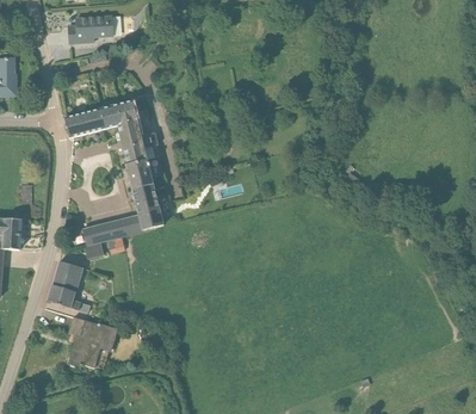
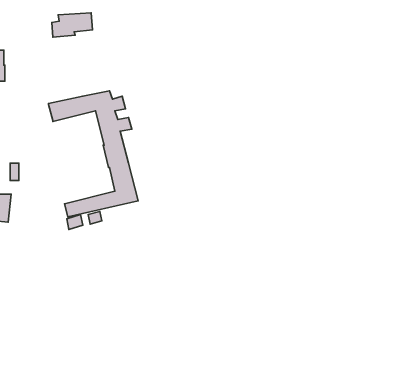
building: [48,260,89,313] -> none
building: [67,316,117,369] -> none

